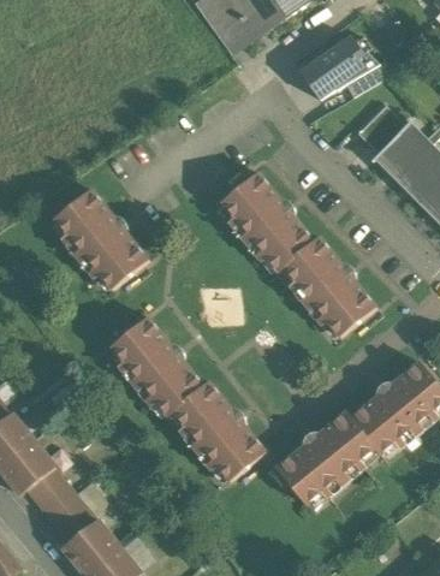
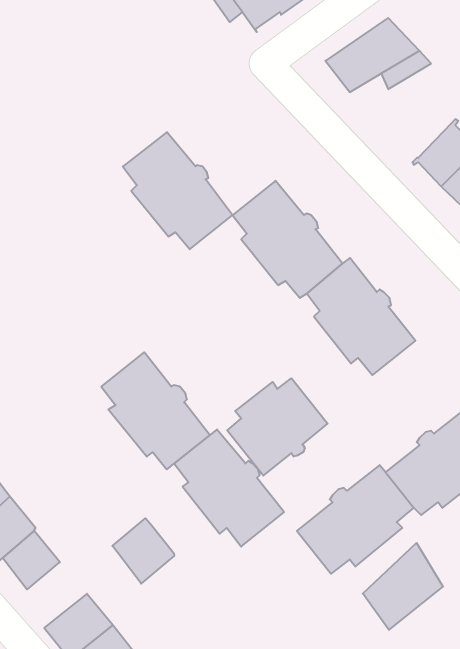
building: [356,103,405,154] -> none
building: [54,190,147,289] -> [123,132,233,249]
building: none -> [227,378,328,476]
building: none -> [112,518,174,584]
building: none -> [363,543,443,630]
building: [48,494,97,544] -> none

